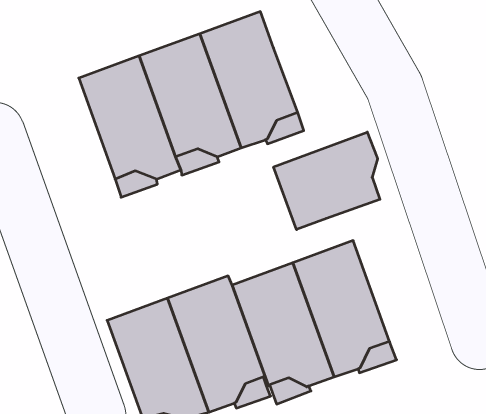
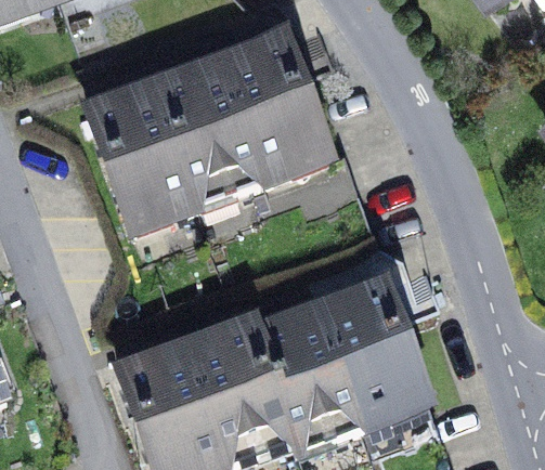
building: [274,132,380,230] -> none

